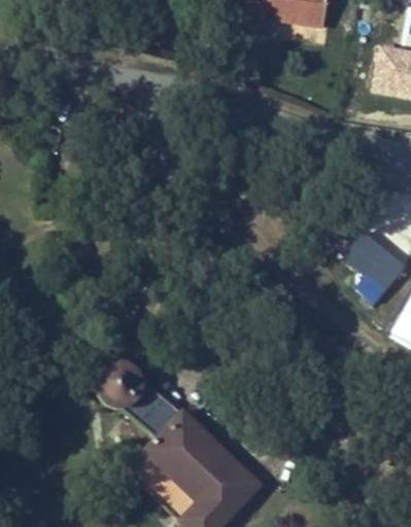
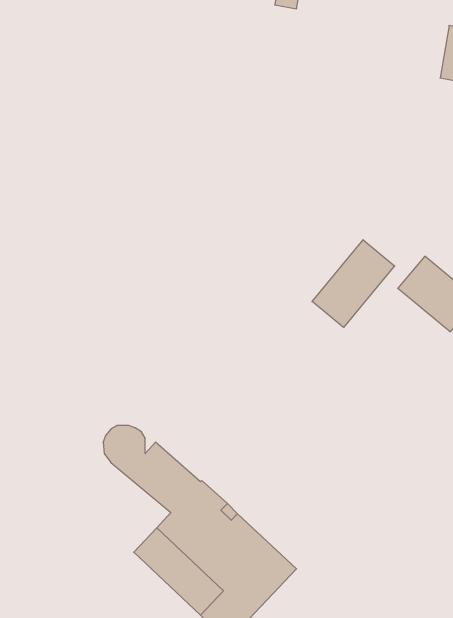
building: none -> [312,240,395,327]

